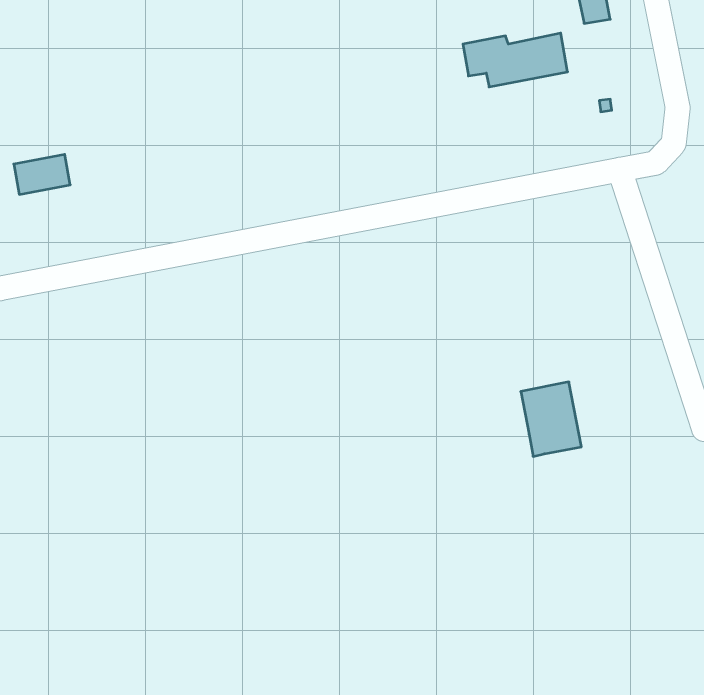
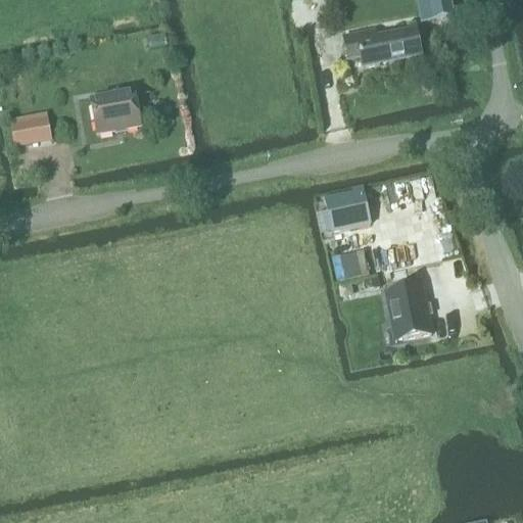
building: none -> [90,86,141,131]
building: none -> [325,184,370,229]

